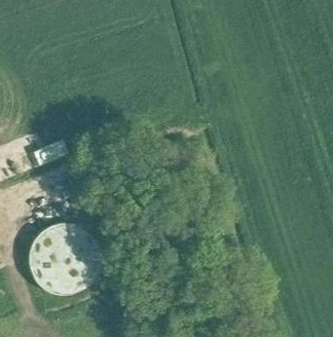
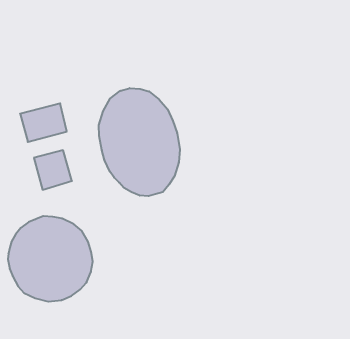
building: none -> [99,88,180,196]

